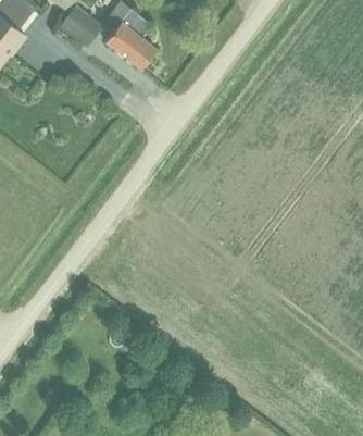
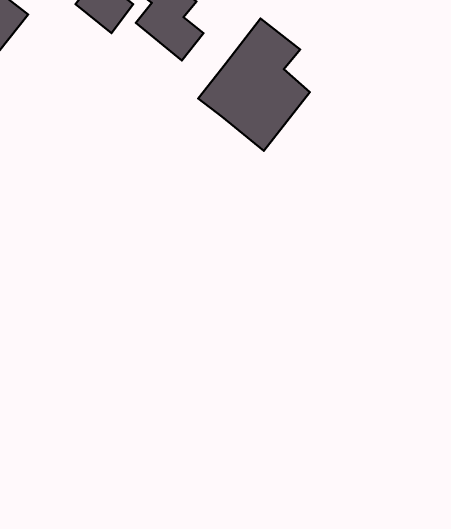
building: none -> [198,19,310,151]

